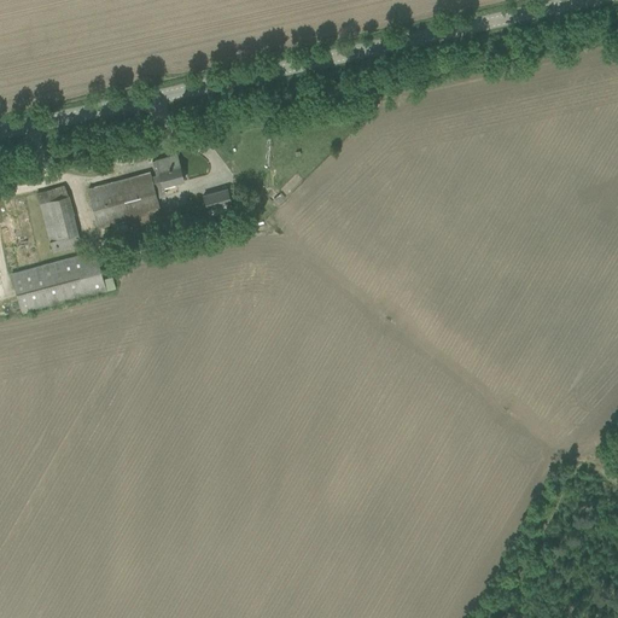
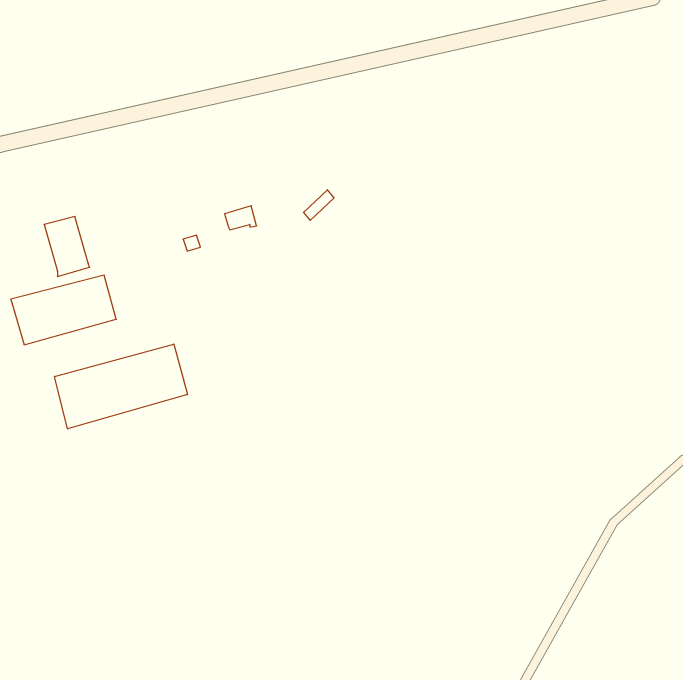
building: [88,152,183,226] -> none
building: none -> [55,344,187,429]

